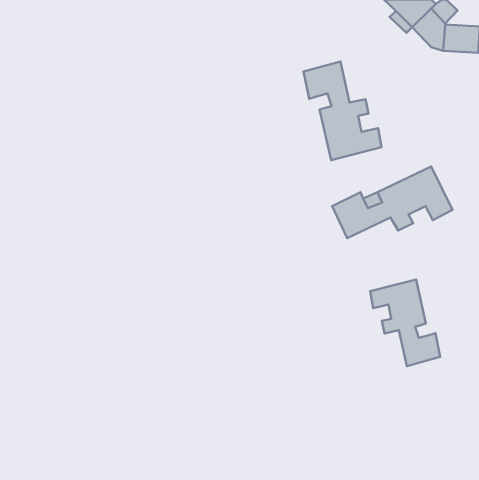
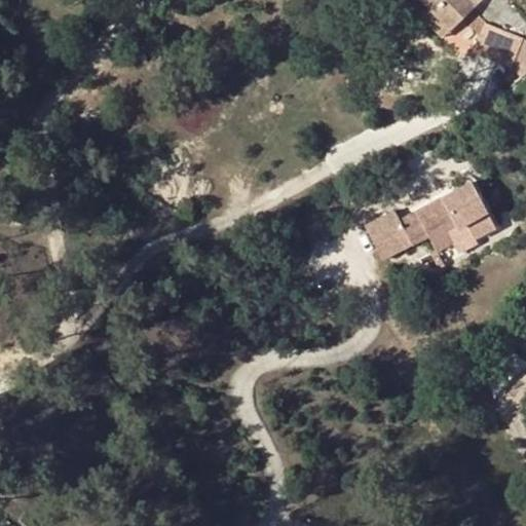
building: [304,62,382,160] -> none
building: [370,279,440,366] -> none

